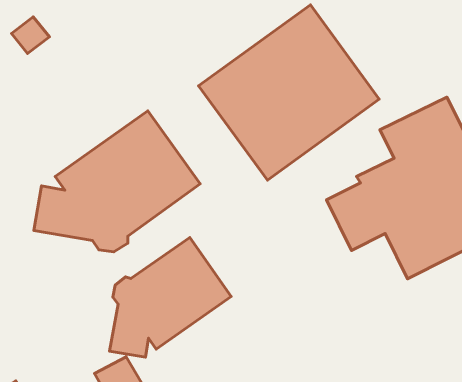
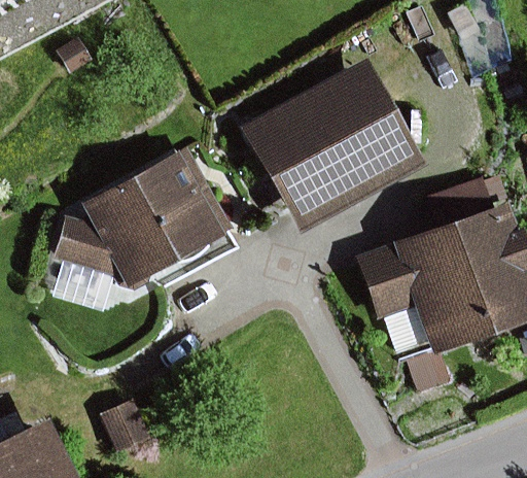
building: [110,238,231,357] -> none

